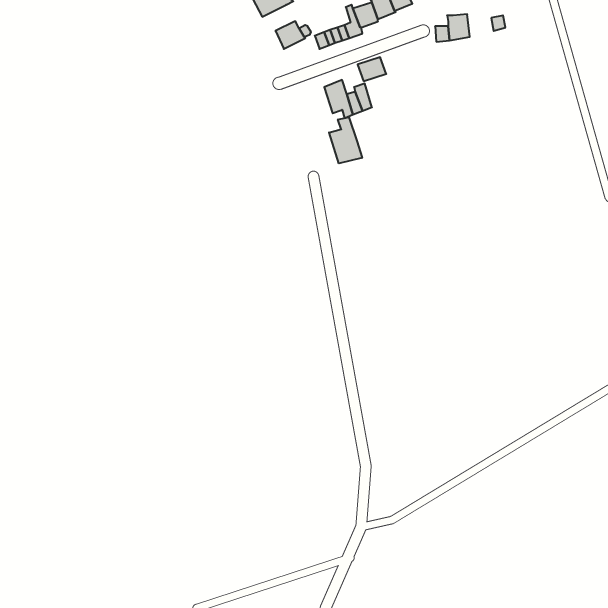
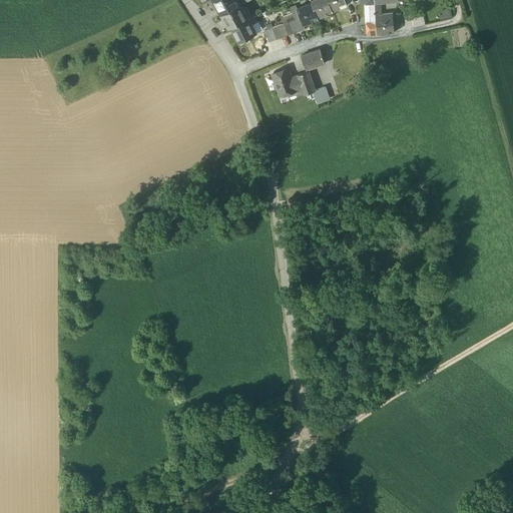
building: none -> [221,4,248,28]
building: [329,117,362,163] -> none

